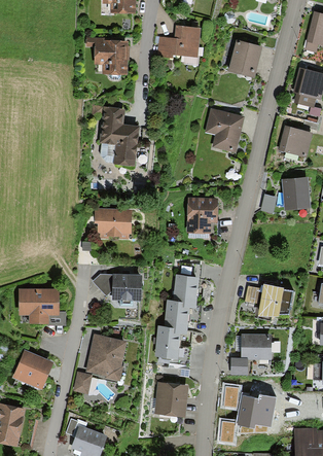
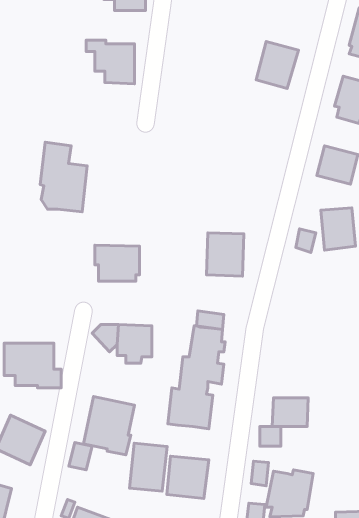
building: [157,26,200,58] -> none
building: [99,107,138,165] -> [40,142,87,212]
building: [204,108,244,153] -> none
building: [244,283,292,321] -> none
building: none -> [129,443,167,491]

